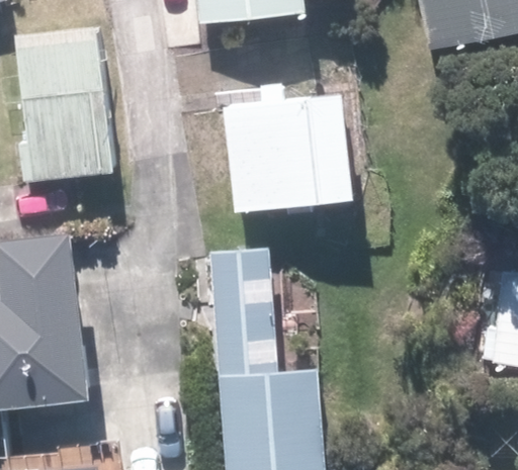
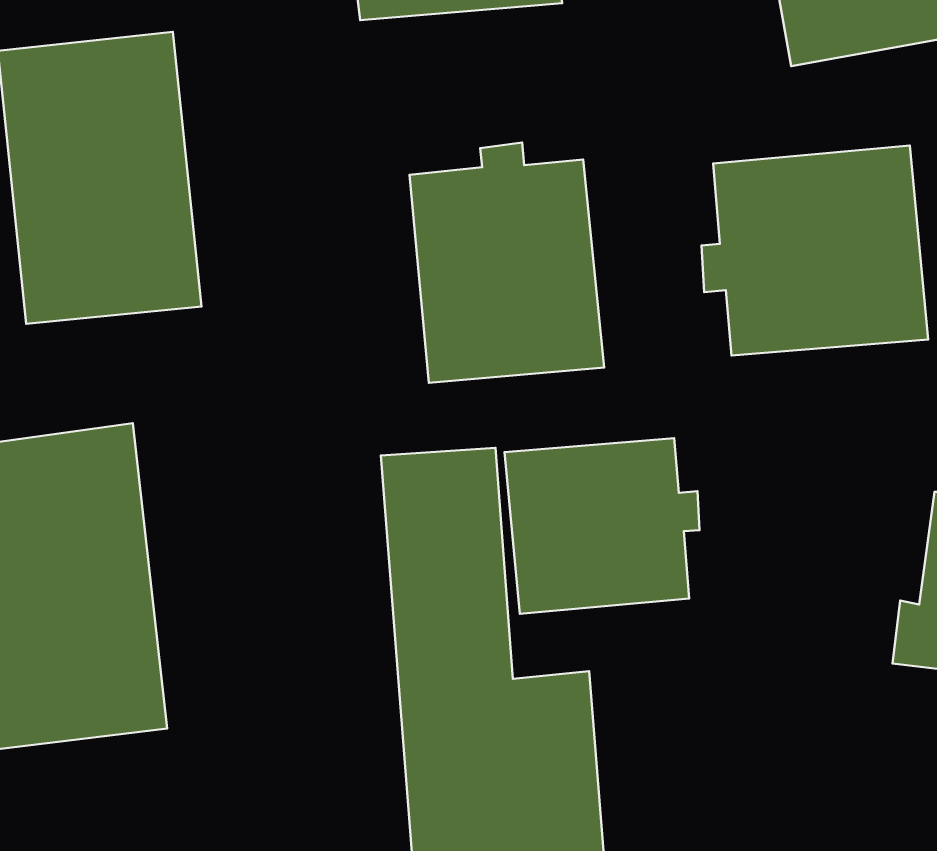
building: none -> [702,146,928,355]
building: none -> [504,438,699,614]

